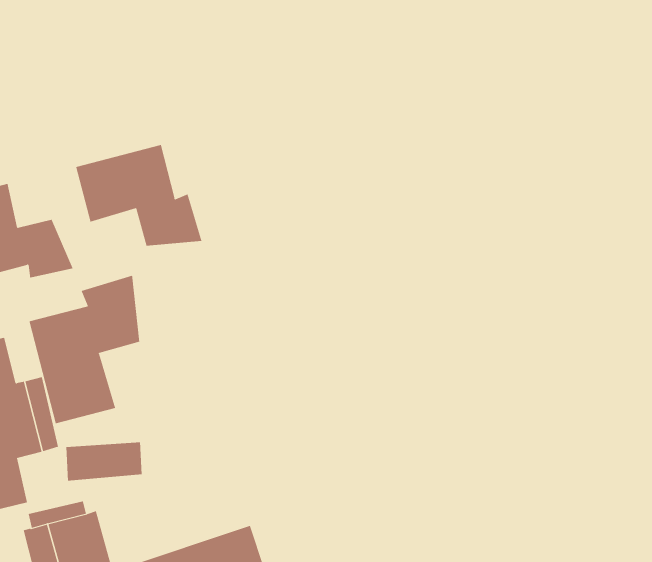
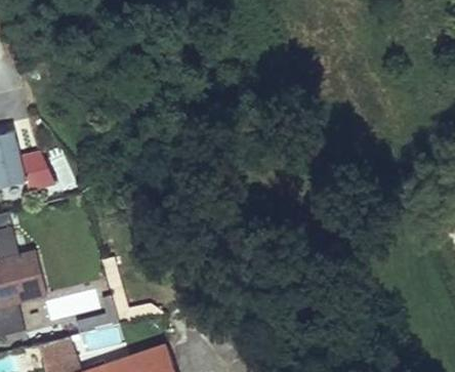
building: [76,144,202,247] -> none
building: [29,275,140,424] -> none

